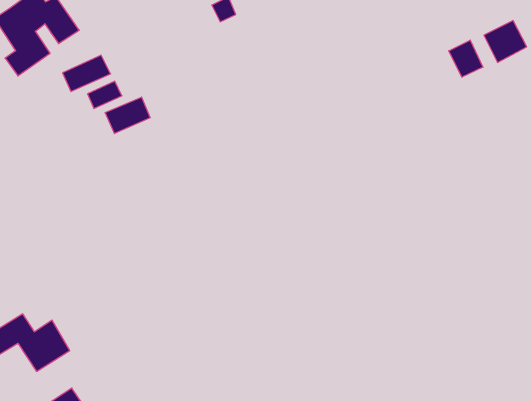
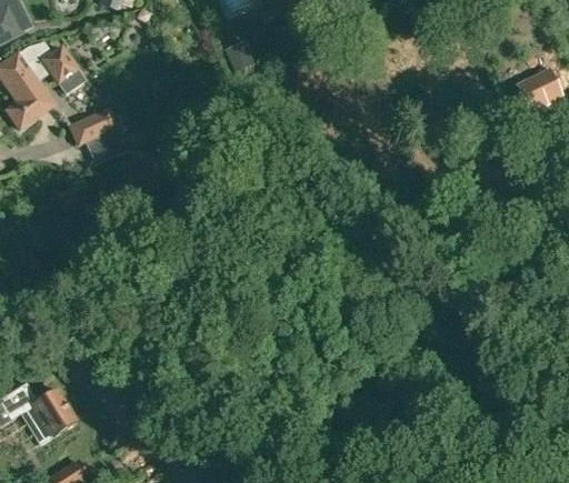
building: [449,40,483,77] -> none
building: [105,97,150,134] -> none

